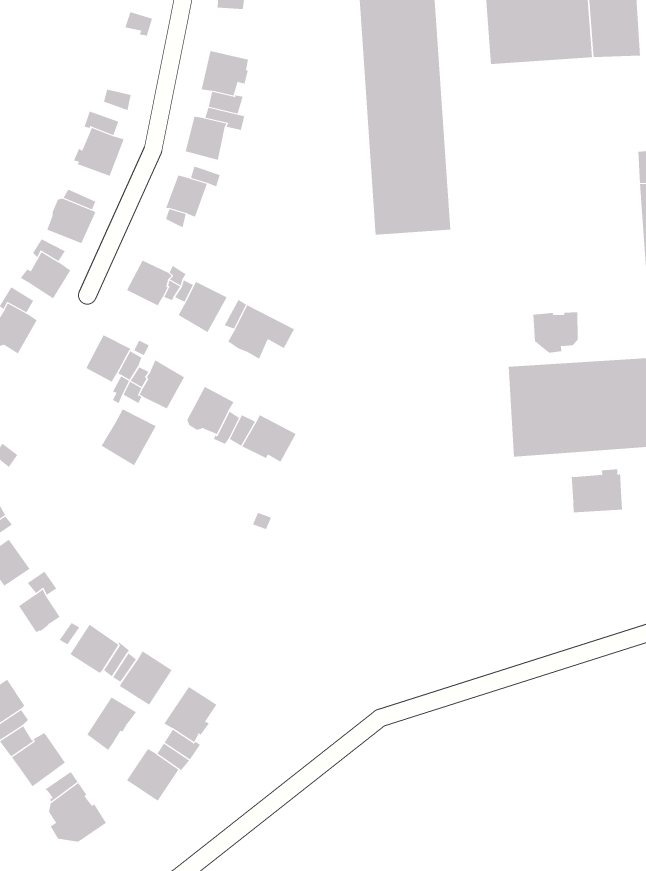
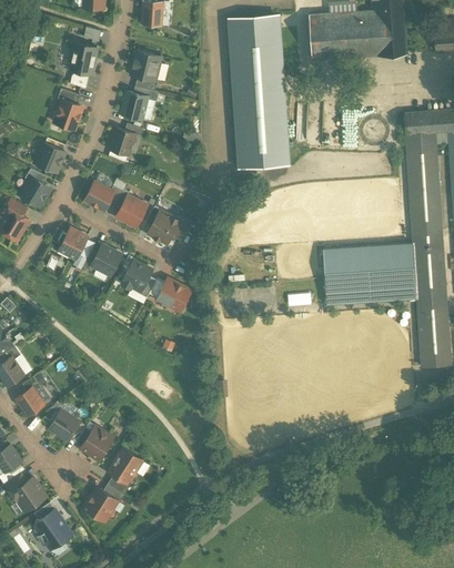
building: none -> [69,43,98,74]
building: [533,312,578,354] -> none
building: [101,408,156,466] -> none
building: [571,468,622,513] -> none
building: [87,697,137,751] -> none

